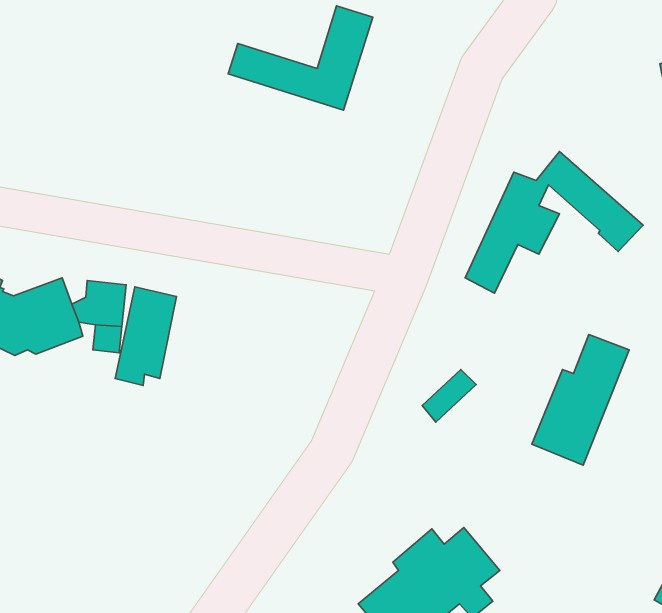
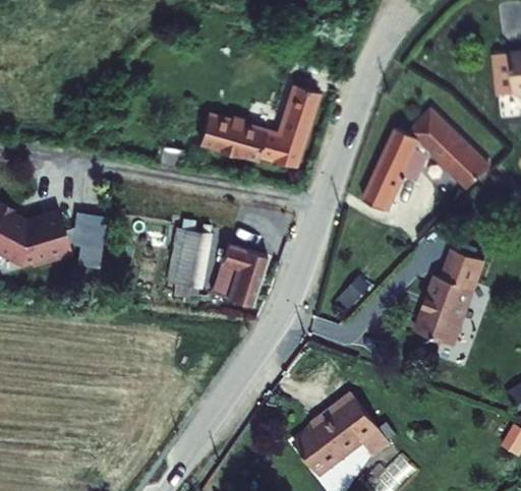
building: [228,6,373,110] -> [213,88,319,165]
building: [115,287,176,385] -> [165,225,210,297]
building: none -> [217,248,269,295]

